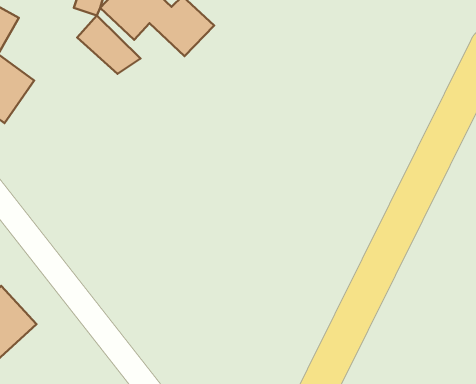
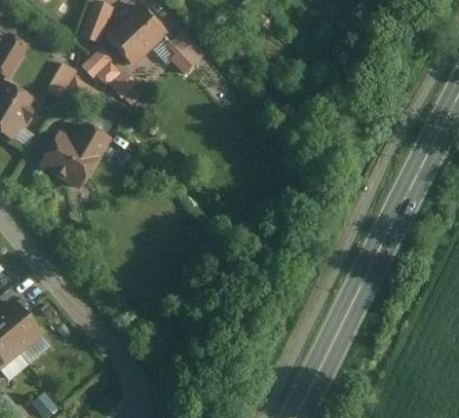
building: none -> [44,62,75,97]
building: none -> [38,121,115,191]

